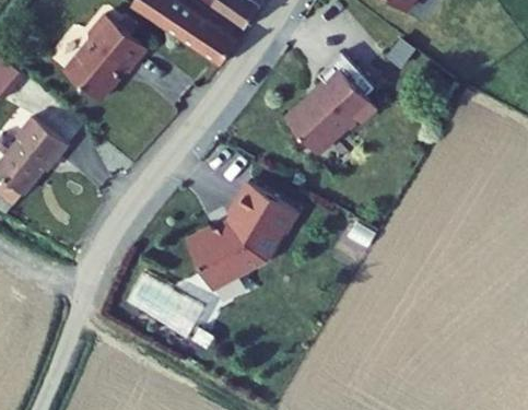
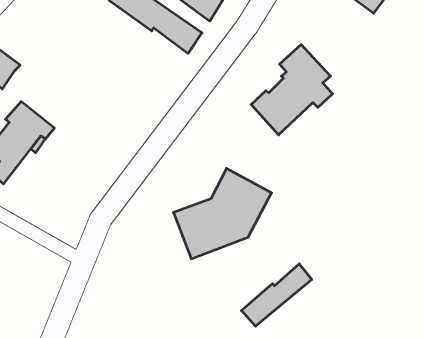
building: [59,11,142,98] -> none
building: none -> [241,264,312,326]

